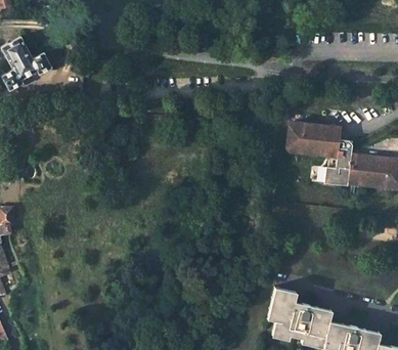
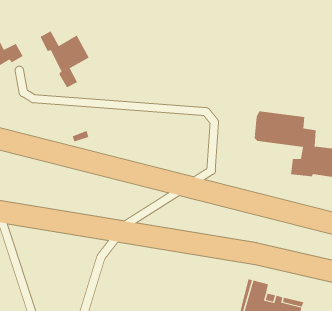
building: none -> [40,31,90,88]

